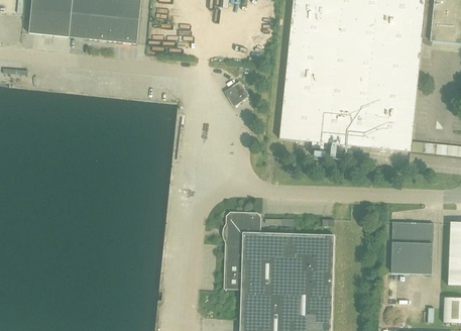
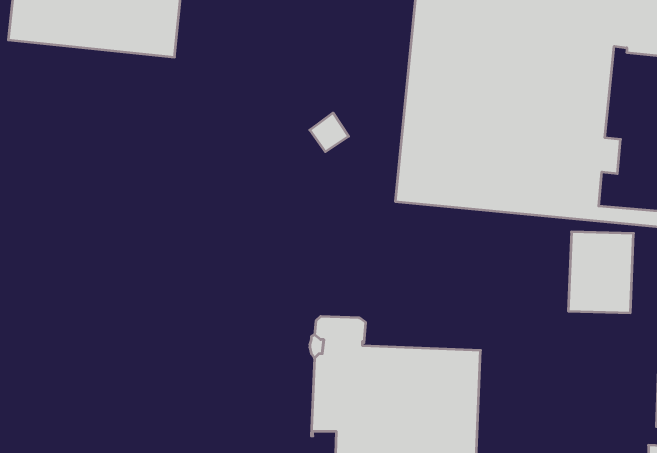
building: [391,221,434,273] -> [568,232,634,313]

